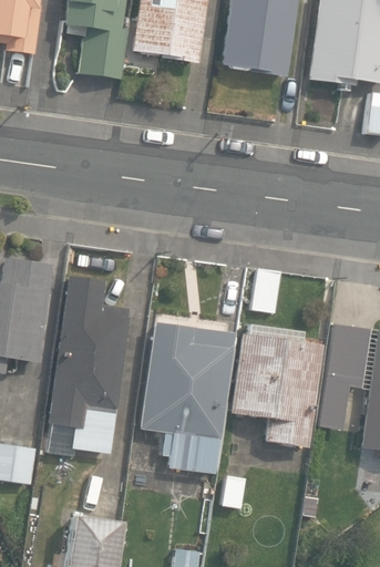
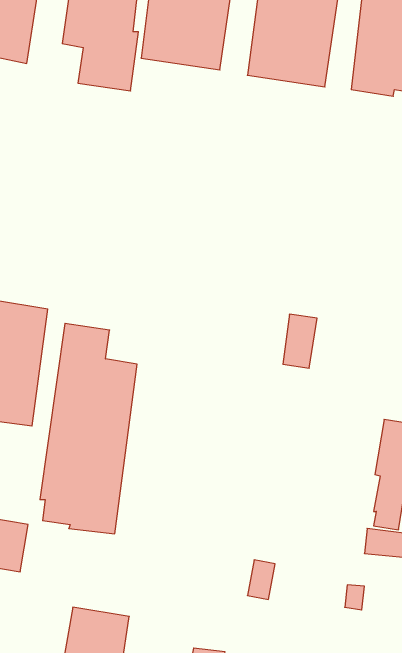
building: [140,321,236,474] -> none
building: [232,332,322,447] -> none

